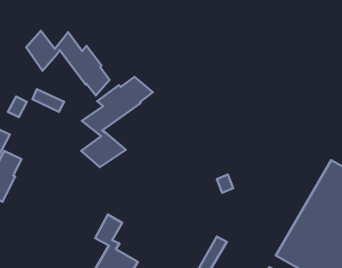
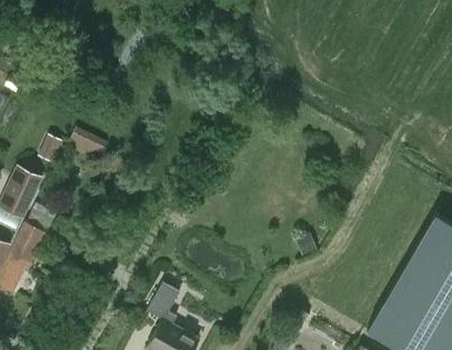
building: [26,31,110,96] -> none
building: [81,77,153,167] -> none

